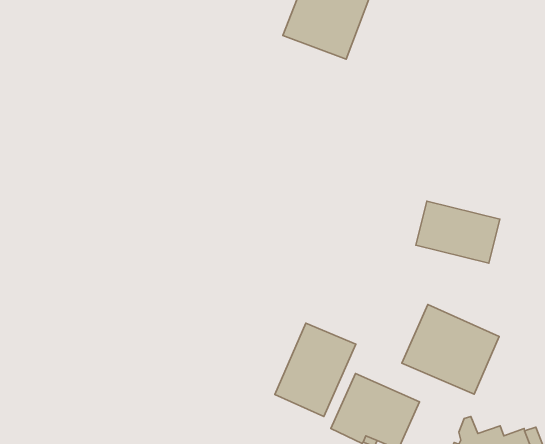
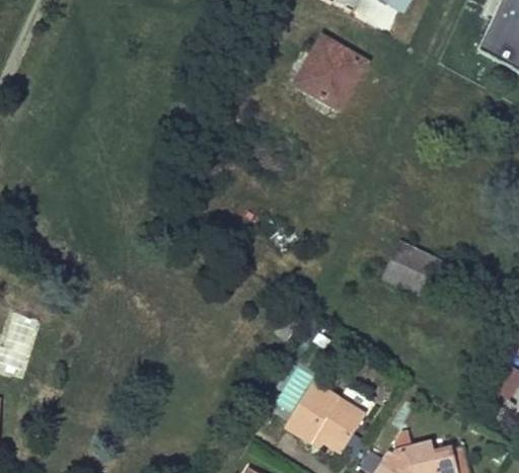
building: [402,305,499,394] -> none
building: [275,323,356,417] -> none

